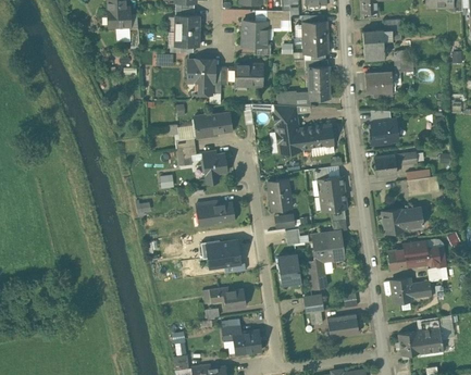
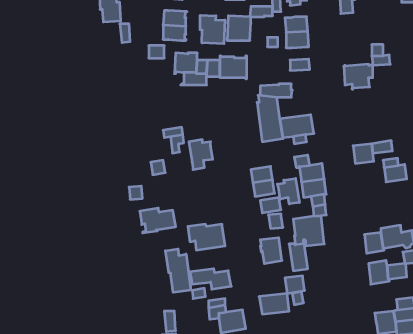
building: none -> [200,15,225,44]
building: [363,30,388,59] -> none
building: [309,77,331,99] -> none
building: [195,113,232,139] -> none
building: [372,120,398,145] -> none
building: none -> [277,178,299,204]
building: [197,200,235,226] -> [140,208,176,233]
building: [382,209,421,234] -> none
building: none -> [165,249,191,292]
building: [327,315,359,337] -> [259,293,289,314]

